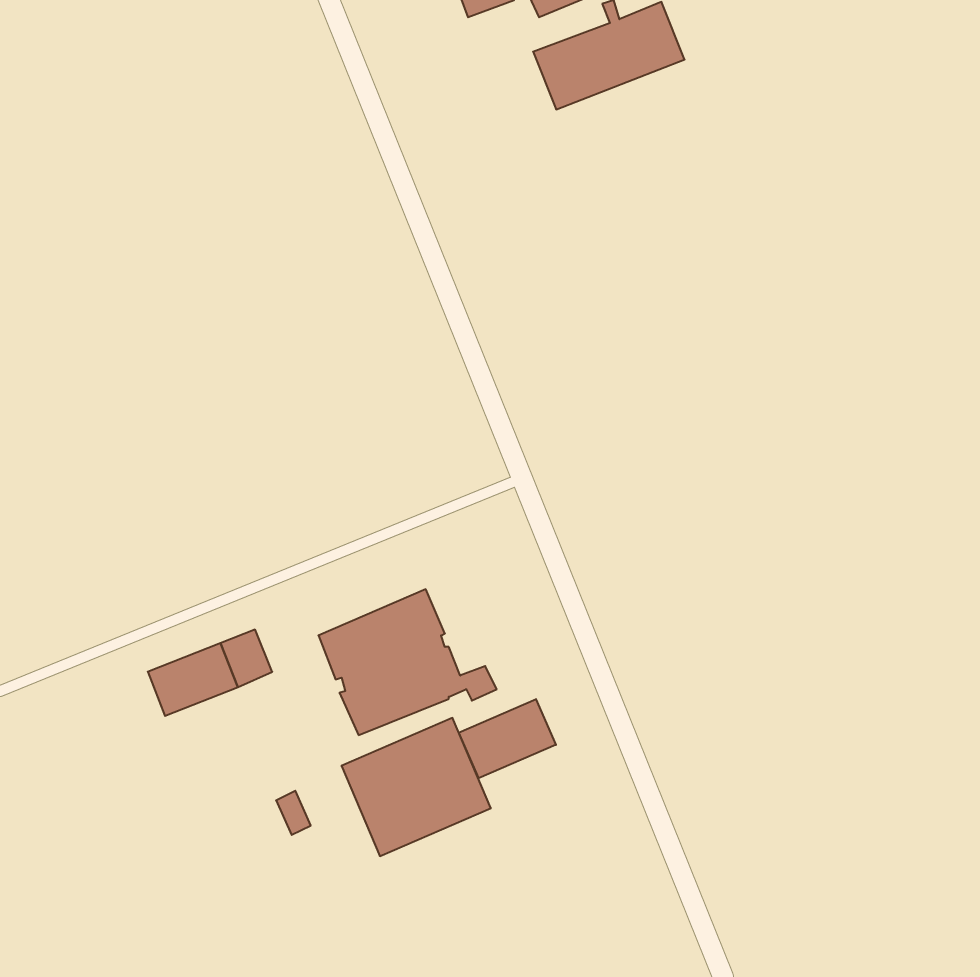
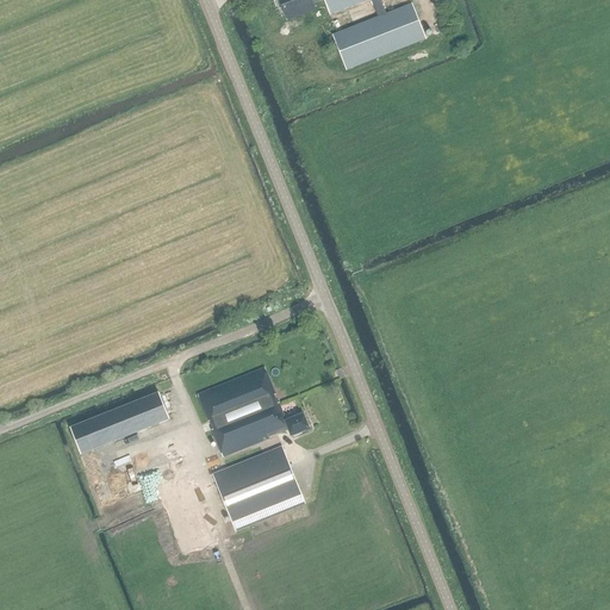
building: none -> [70,417,102,453]
building: [459,699,556,778] -> none

